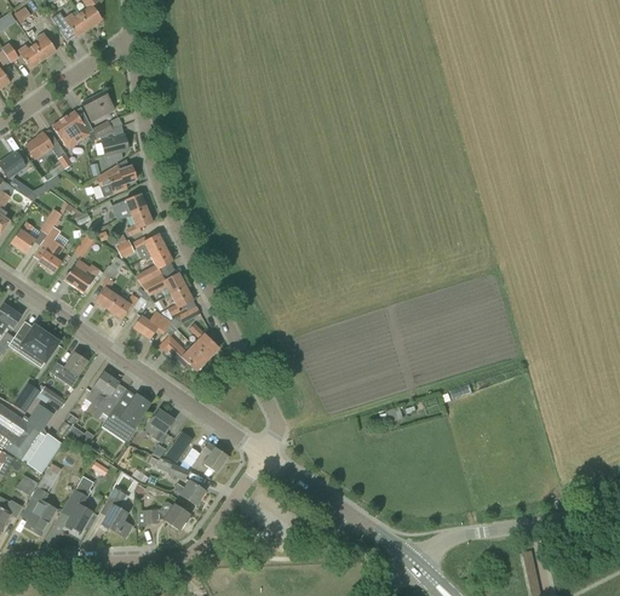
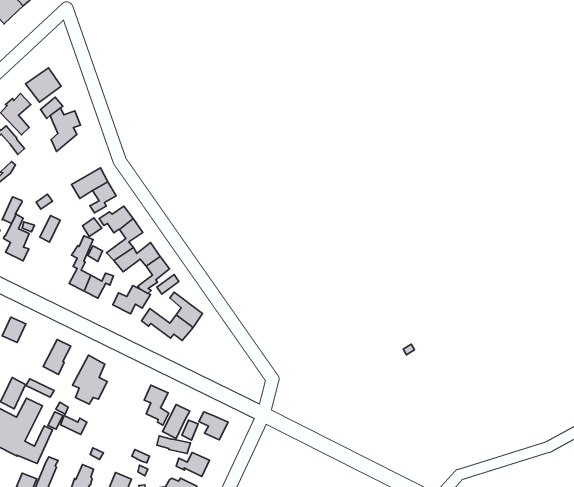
building: [97,165,137,197] -> none
building: [64,259,101,293] -> none
building: [102,394,150,442] -> none

